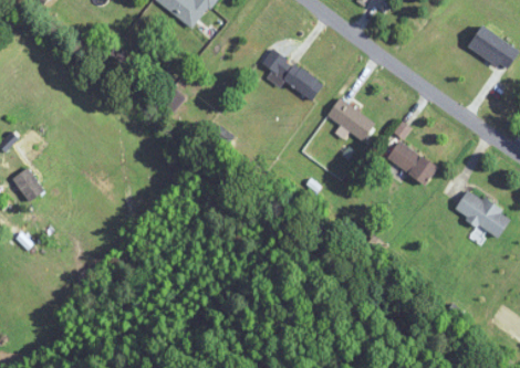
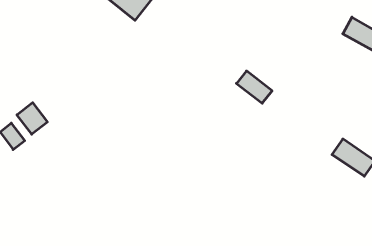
building: [261,48,323,99] -> none
building: [386,139,437,183] -> none
building: none -> [17,103,47,134]

